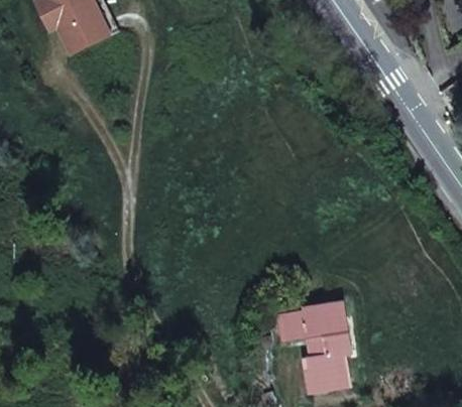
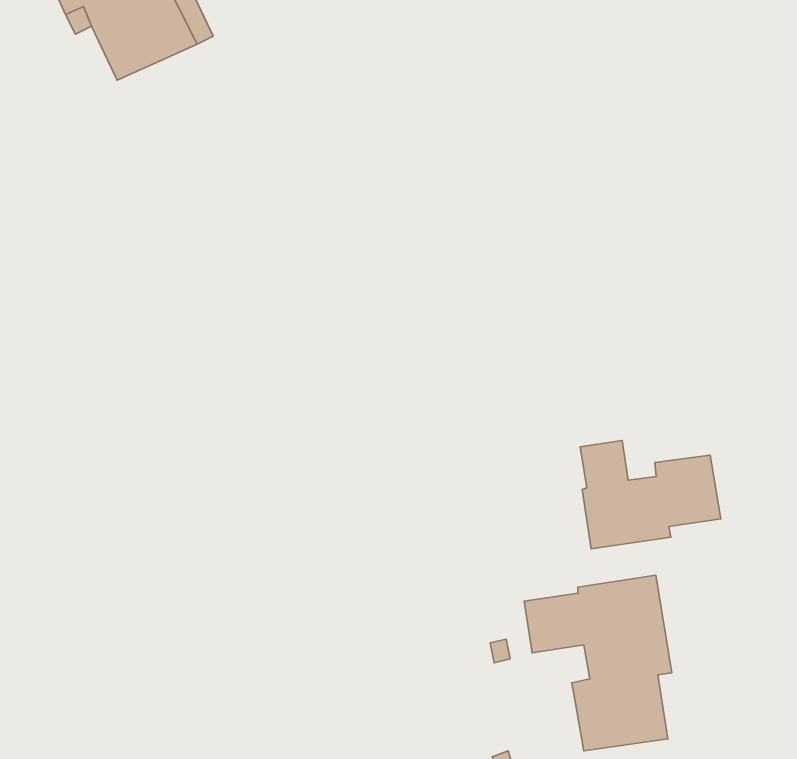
building: none -> [580,441,721,549]

